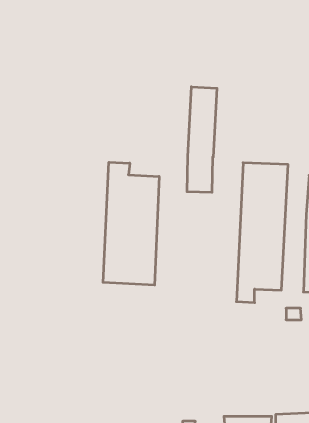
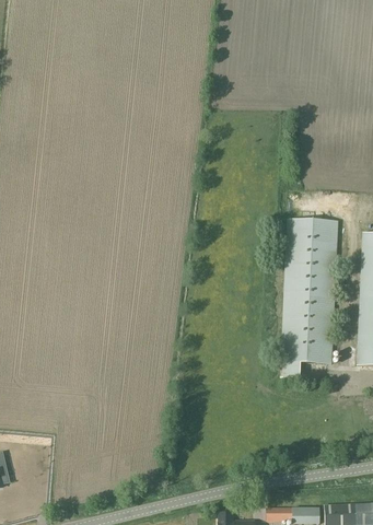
building: [187,87,217,192] -> none
building: [103,162,159,285] -> none

